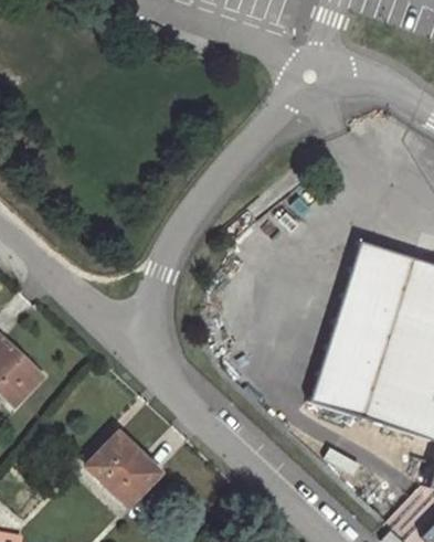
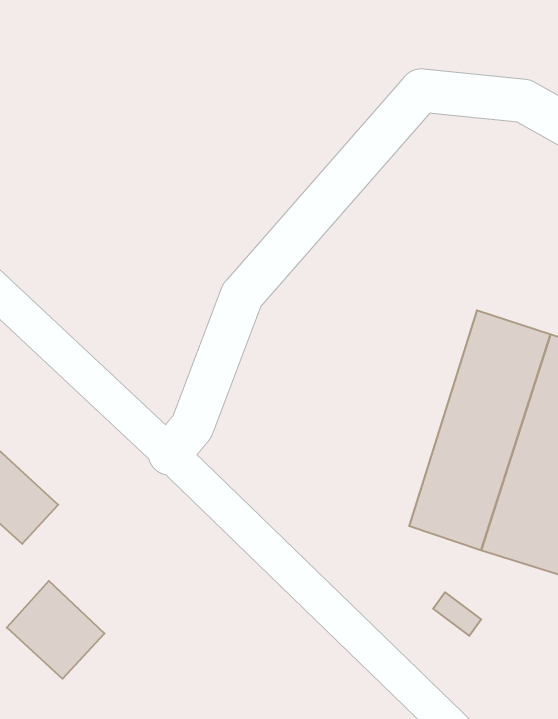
building: [93,438,165,510] -> [7,581,105,679]

